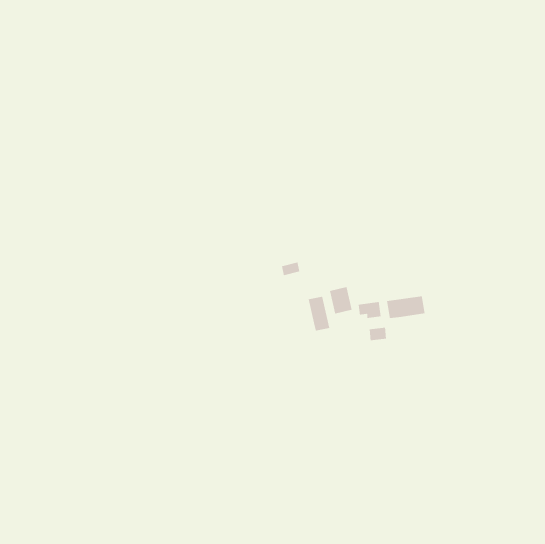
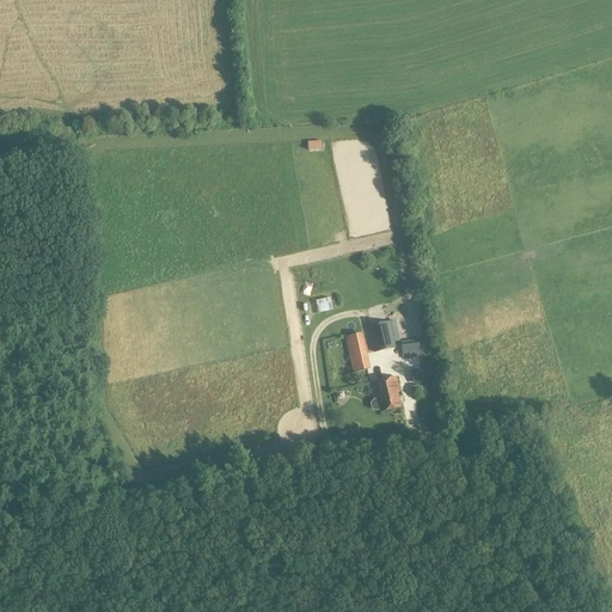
building: [387,296,425,319] -> none
building: none -> [372,377,402,409]

